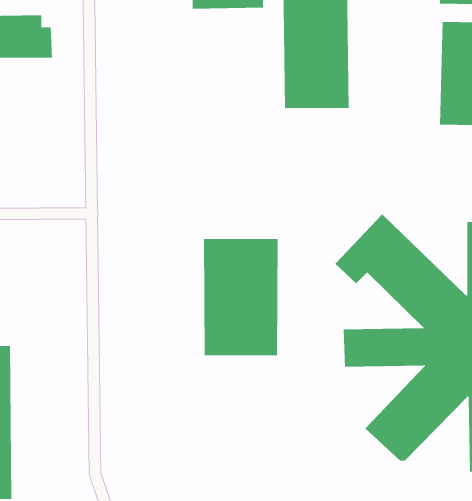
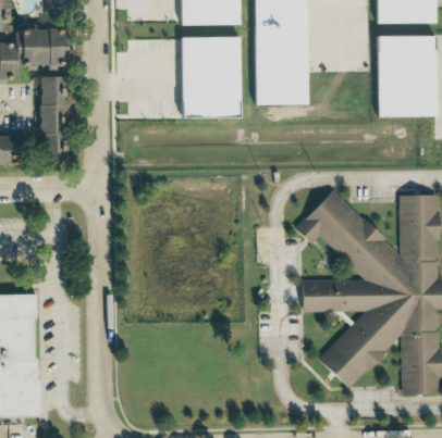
building: none -> [181,36,240,117]
building: none -> [37,75,65,161]
building: [203,238,278,356] -> none

